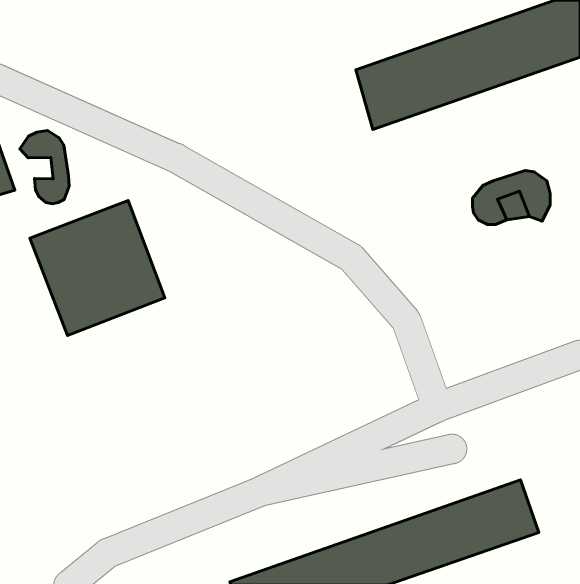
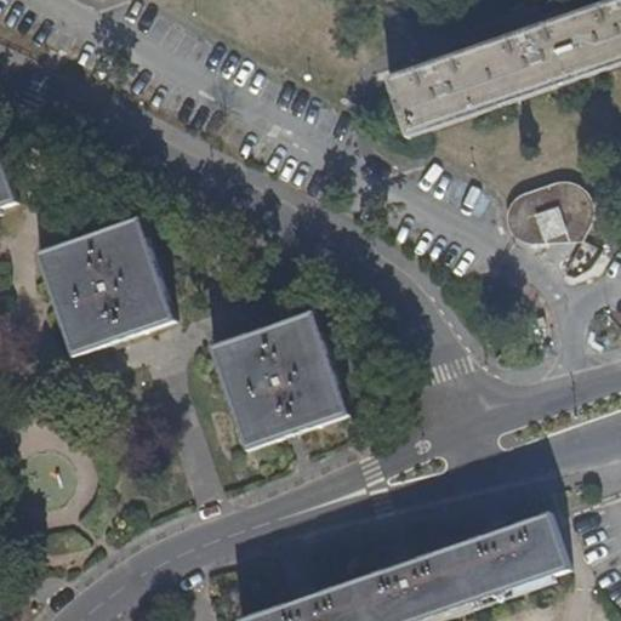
building: [20,130,69,204] -> none
building: none -> [217,314,357,454]

